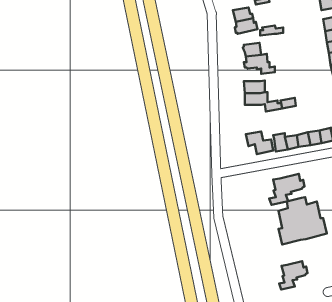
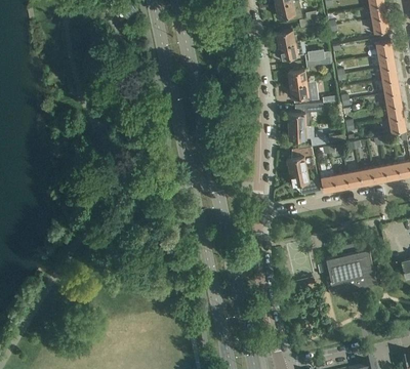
building: none -> [286,147,312,172]
building: [269,174,304,205] -> none
building: [279,261,307,290] -> none

